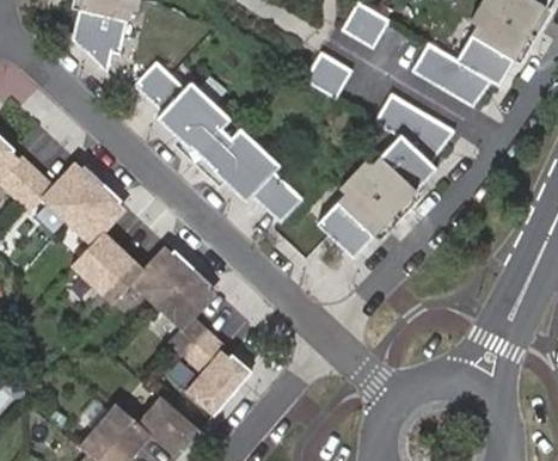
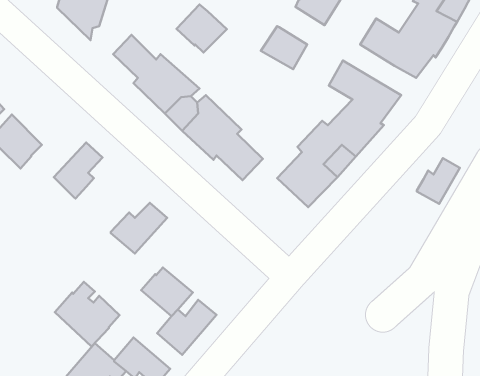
building: none -> [176,4,227,52]
building: [44,165,105,221] -> none
building: none -> [417,158,460,204]
building: [73,232,145,303] -> [55,282,120,347]
building: [159,266,213,330] -> none

